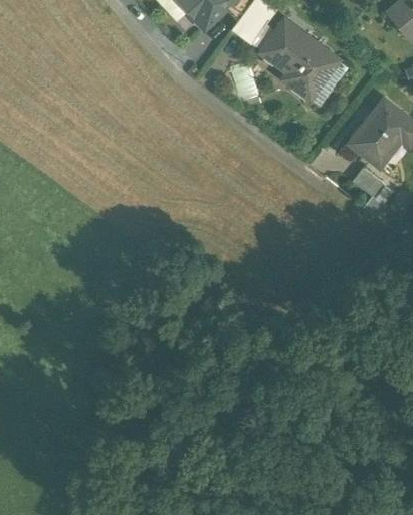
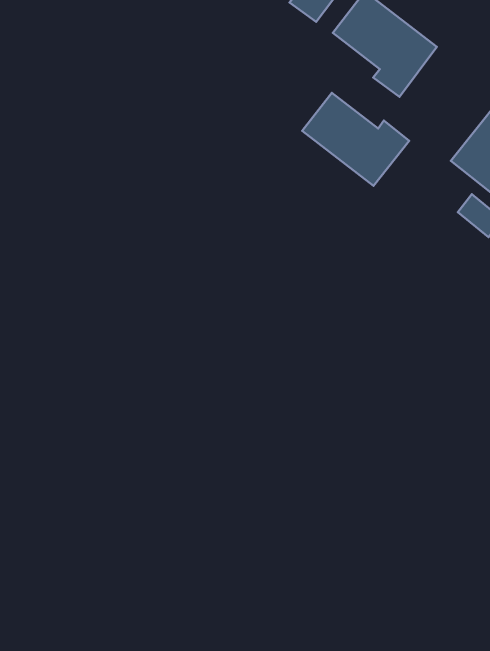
building: none -> [302,93,409,186]

